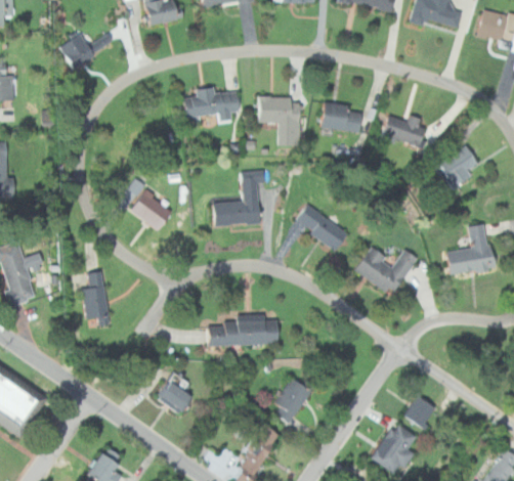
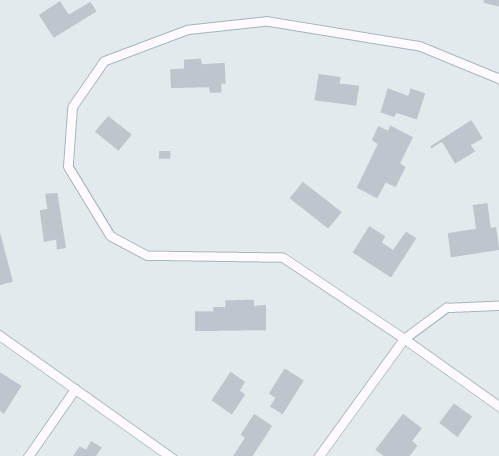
building: [256,96,299,145] -> none
building: none -> [356,125,414,199]
building: [211,171,259,226] -> none
building: [131,192,168,227] -> [94,115,133,152]
building: [82,271,109,325] -> [39,193,67,250]
building: [154,371,187,413] -> [211,371,246,415]
building: [408,395,440,429] -> [438,402,473,438]

